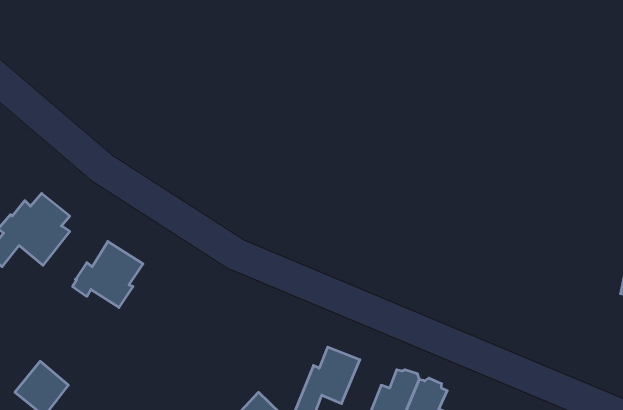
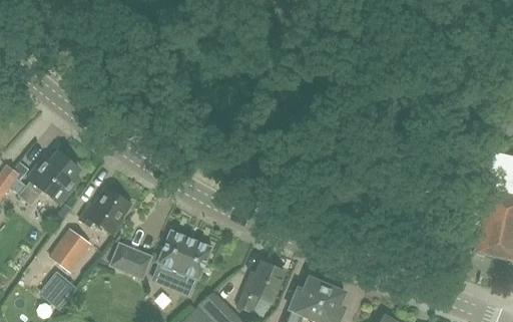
building: none -> [48,229,91,274]
building: none -> [153,231,212,288]
building: none -> [110,244,151,280]

